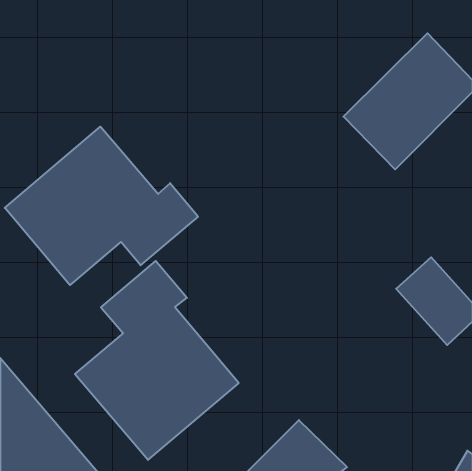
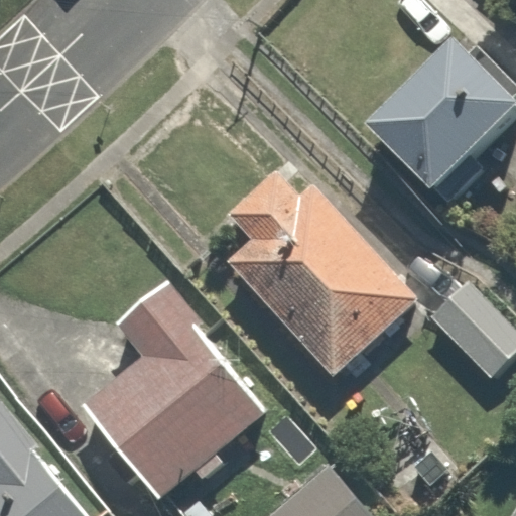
building: [5,127,198,285] -> none
building: none -> [223,166,417,377]

